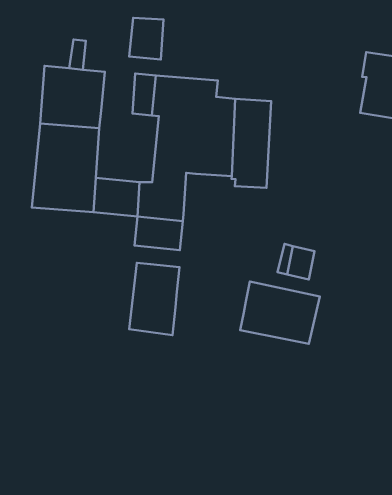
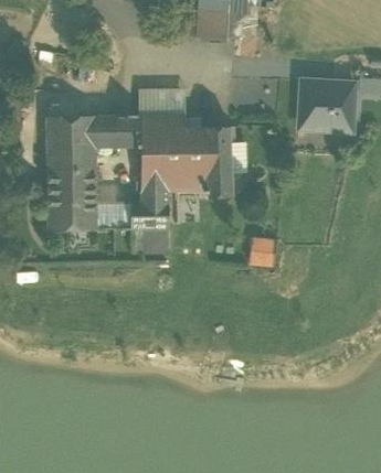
building: [129,18,163,60] -> [94,114,119,146]
building: [129,263,179,335] -> none
building: [240,281,320,344] -> none

